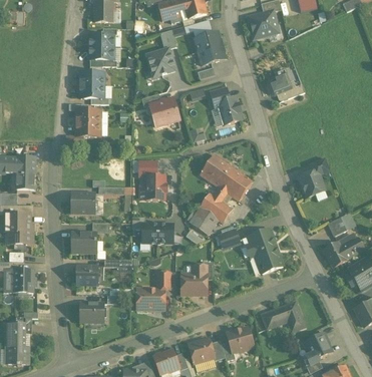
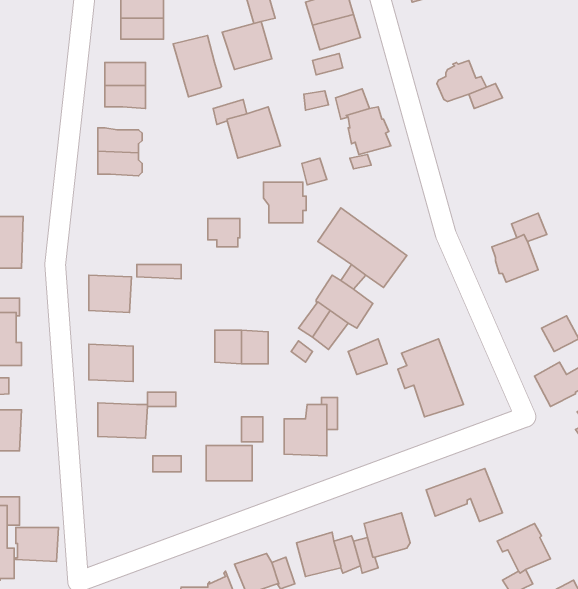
building: none -> [173,35,222,97]
building: [142,176,166,200] -> [264,182,306,223]
building: [80,303,104,322] -> [16,528,58,561]

